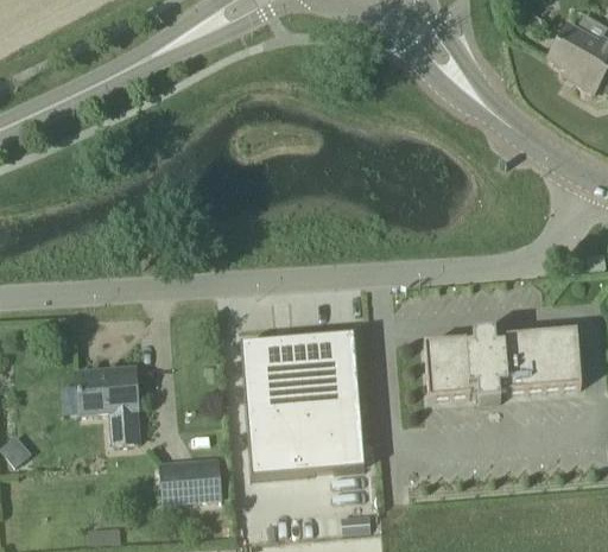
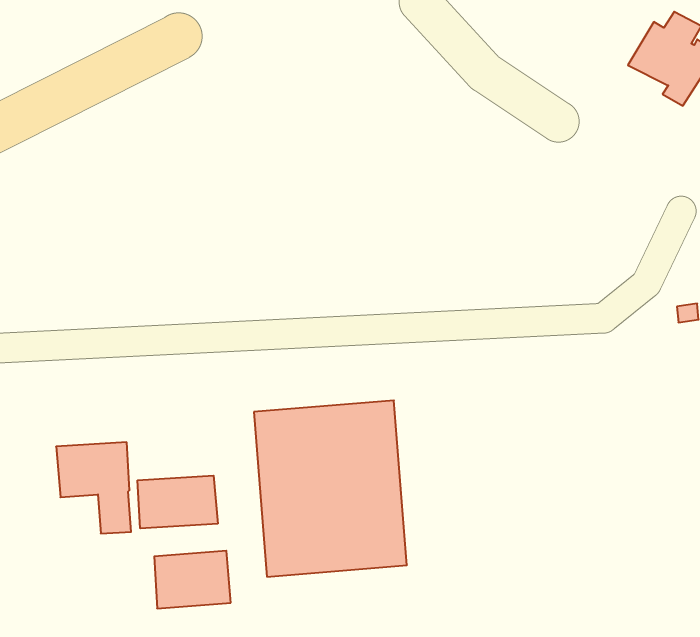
building: [424,329,582,400] -> none
building: none -> [138,476,218,528]

